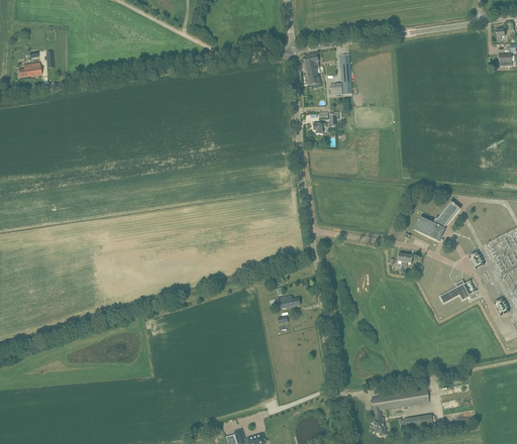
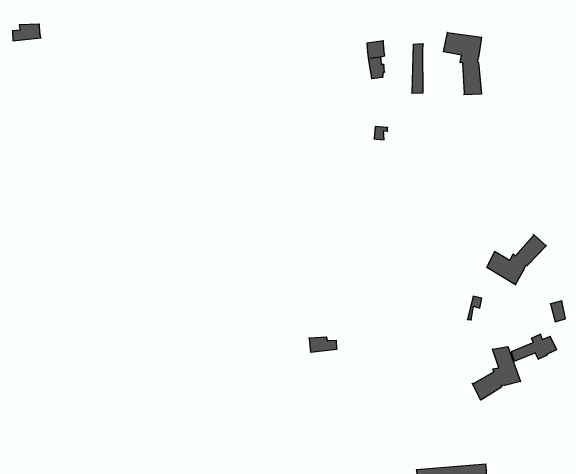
building: none -> [443,32,482,95]
building: none -> [472,347,520,400]

